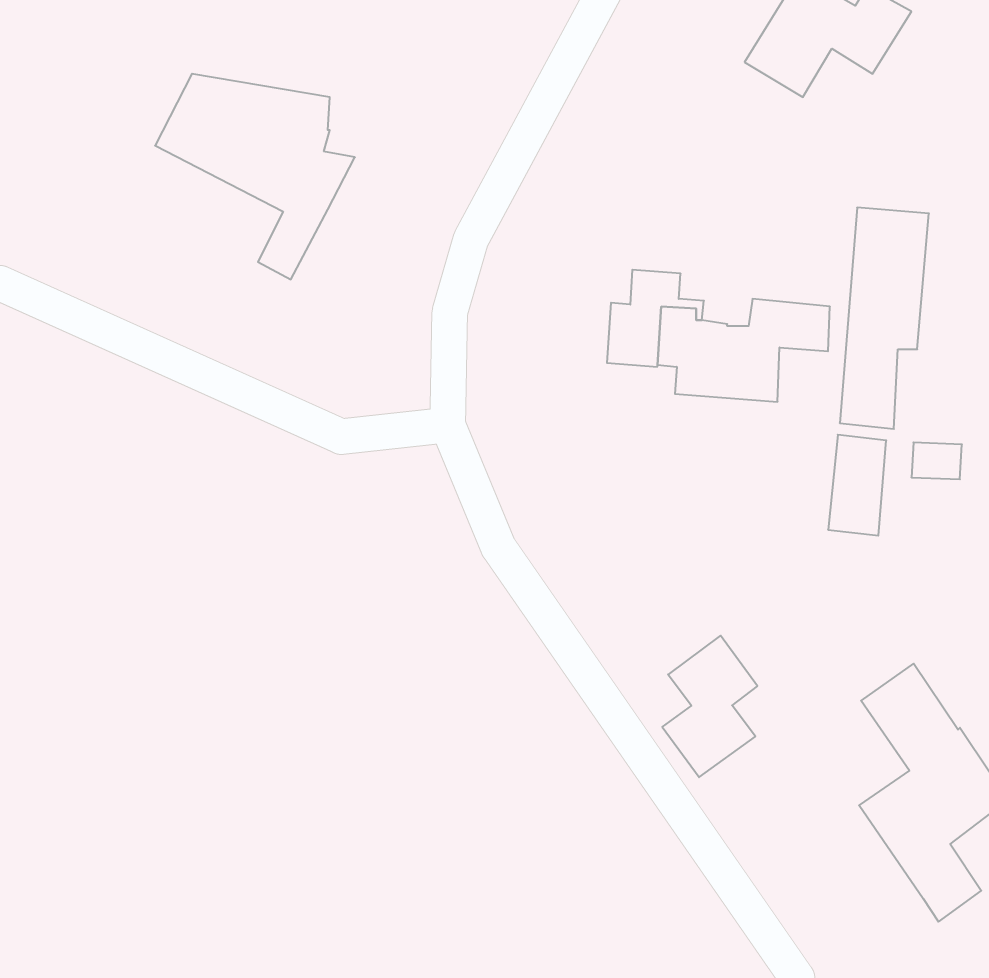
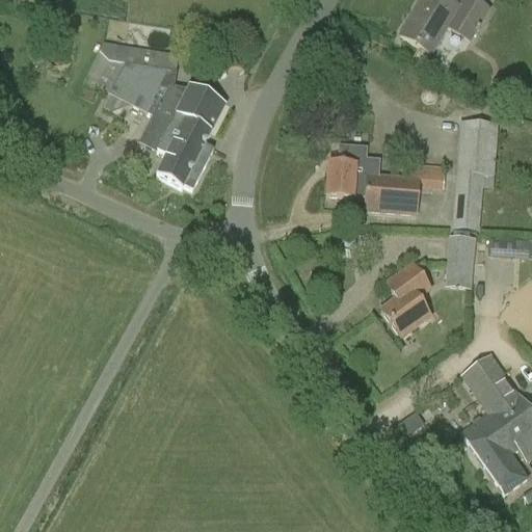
building: none -> [157,81,227,188]
building: [662,636,757,777] -> [380,260,431,336]

